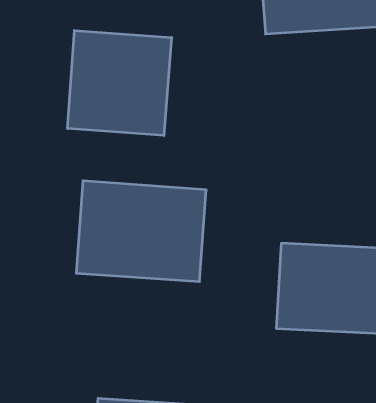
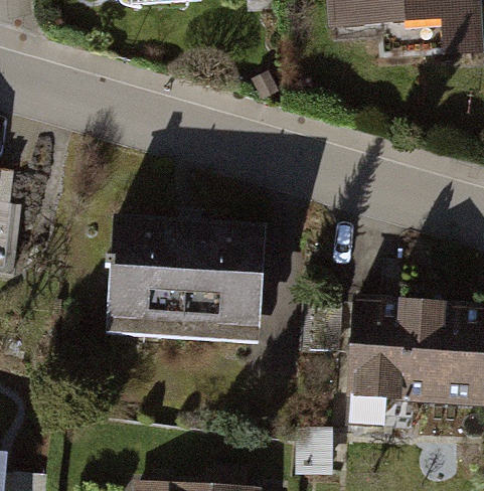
building: [68,30,172,136] -> none

